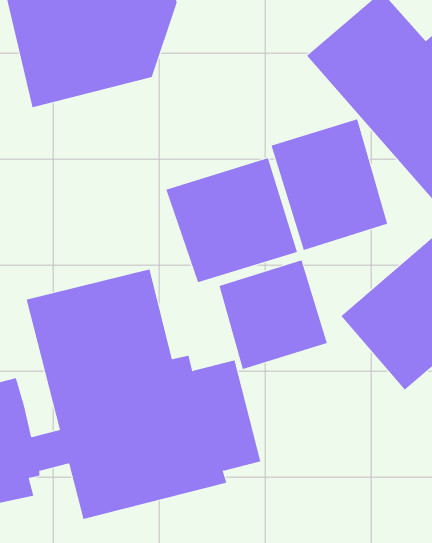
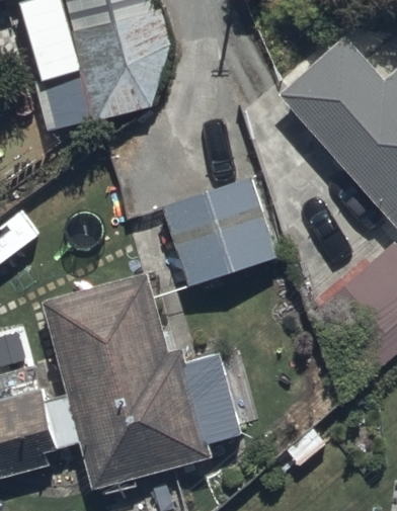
building: [271,118,388,251] -> none
building: [219,259,328,370] -> none

